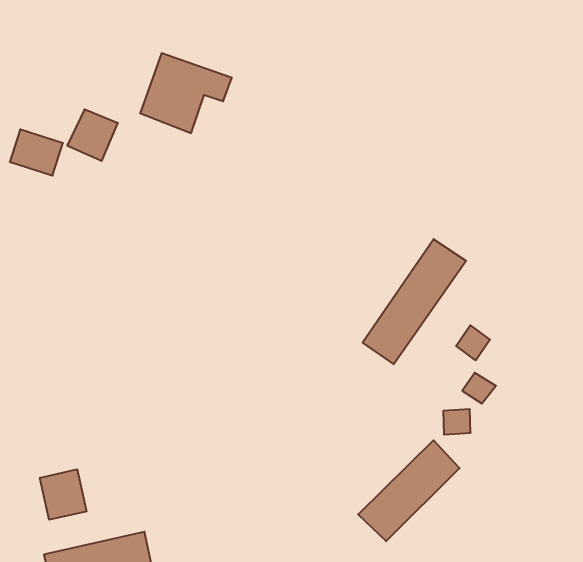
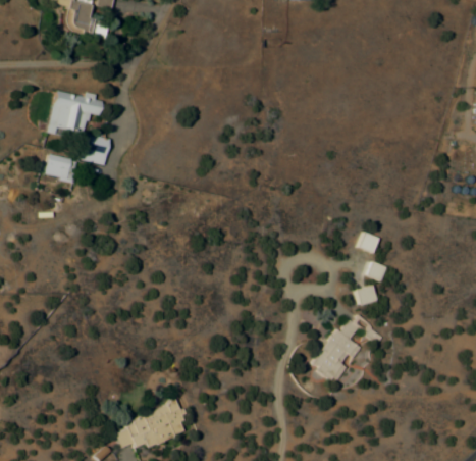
building: [140,53,232,133] -> [48,90,104,139]
building: [363,239,466,364] -> none
building: [40,469,87,520] -> none

